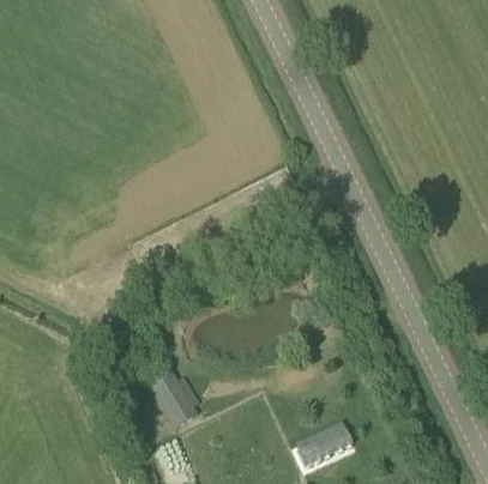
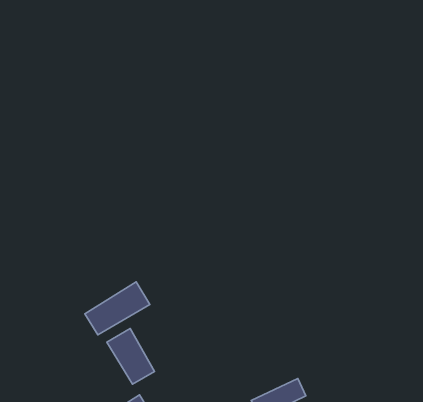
building: none -> [85,282,150,335]

